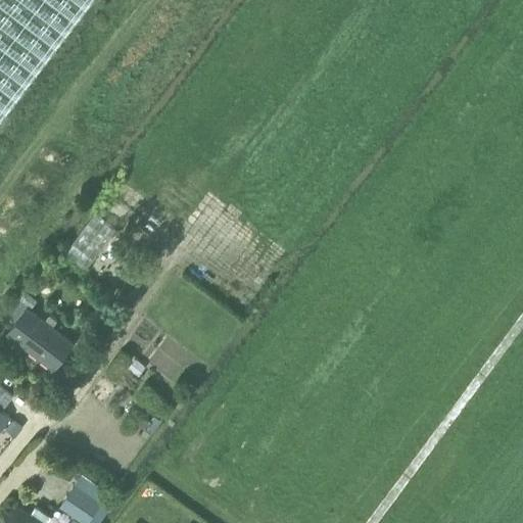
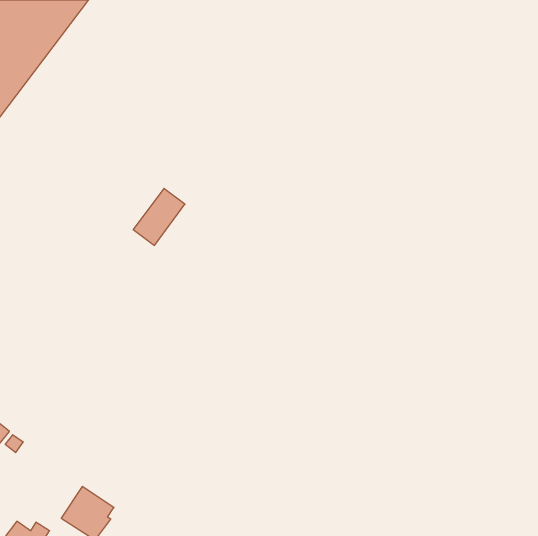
building: [65,217,115,272] -> [133,188,185,245]
building: [7,312,73,372] -> none

